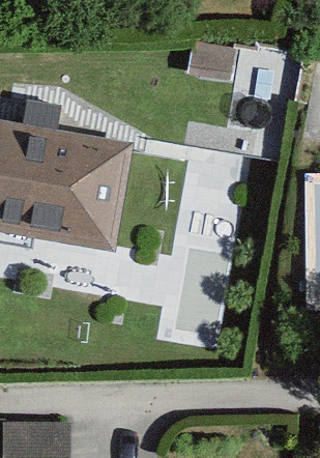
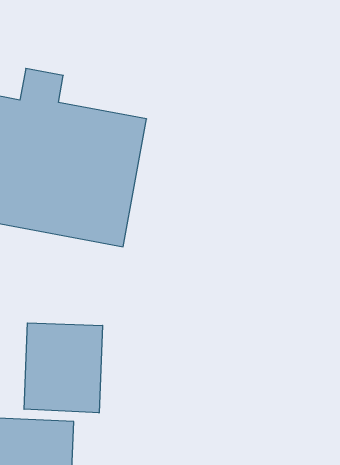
building: none -> [24,323,103,413]

